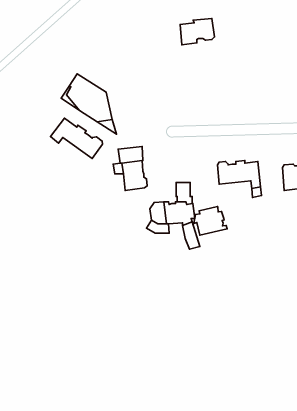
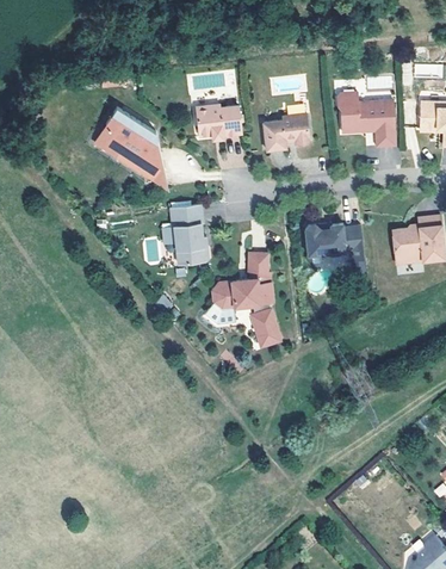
building: [180,18,214,45] -> [270,113,316,149]
building: none -> [337,92,395,146]
building: none -> [196,105,241,137]
building: [51,118,103,158] -> none
building: [194,206,227,235] -> none

